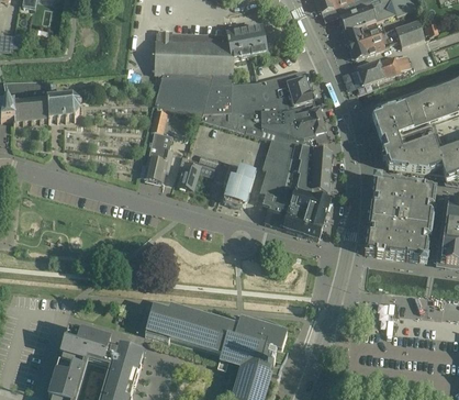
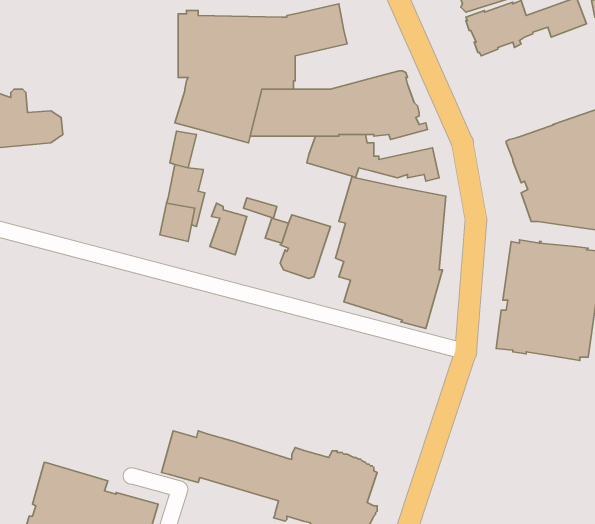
building: [351,52,412,85] -> none
building: [280,107,324,126] -> none
building: [202,111,247,129] -> none

